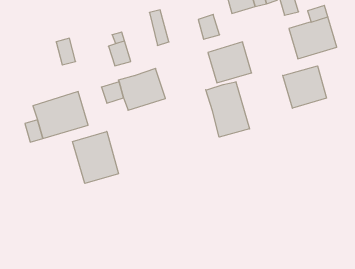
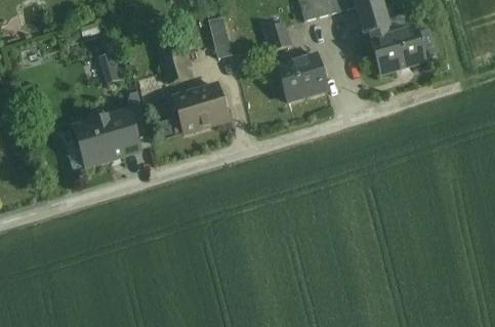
building: [283,66,327,108] -> none
building: [206,82,250,137] -> none
building: [72,131,118,183] -> none

